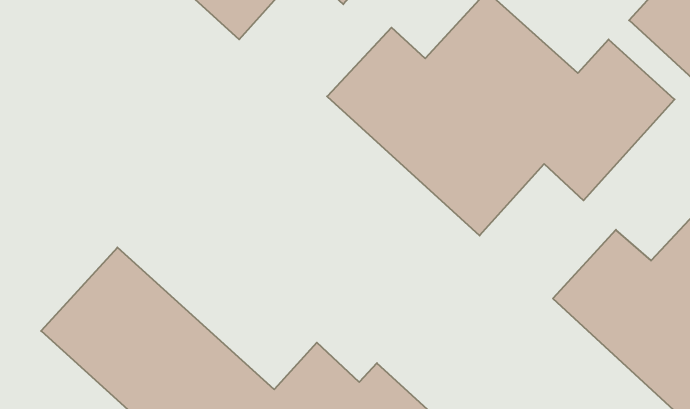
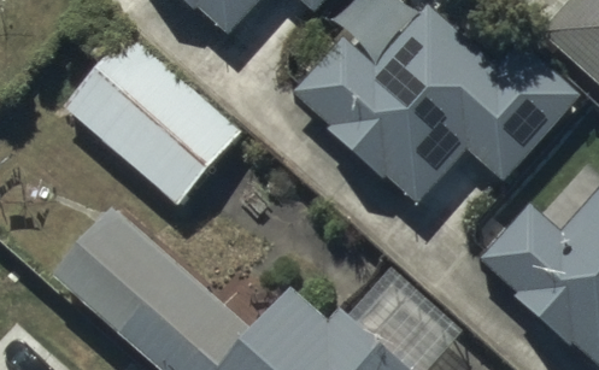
building: none -> [76,45,243,209]

